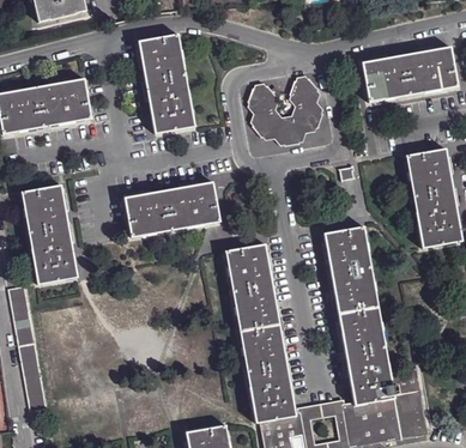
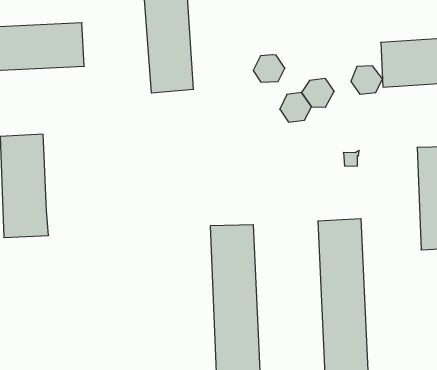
building: [291,78,320,105] -> [351,66,383,94]
building: [252,110,282,138] -> none
building: [125,182,222,238] -> none

